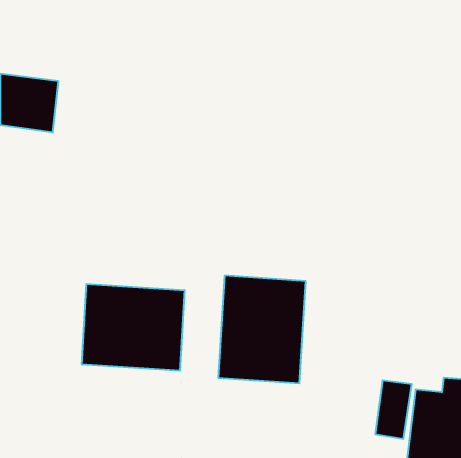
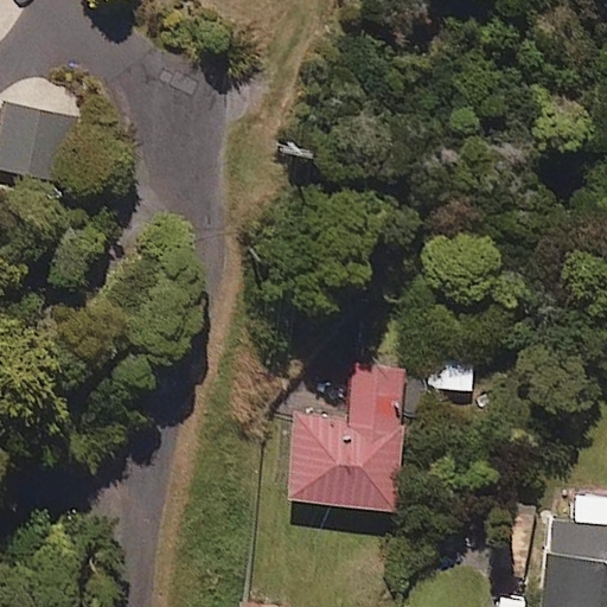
building: [82,284,185,371] -> none

